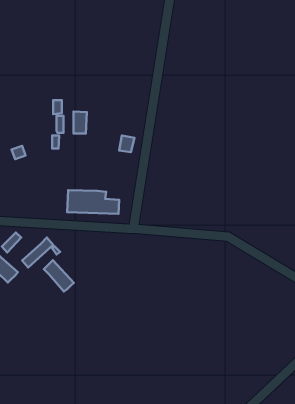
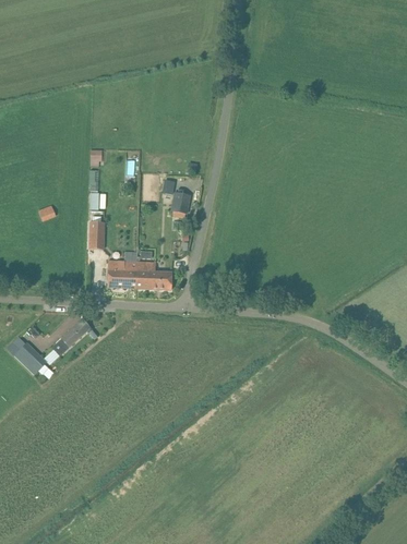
building: [74,111,87,133] -> [88,221,105,249]
building: [44,260,74,291] -> none

